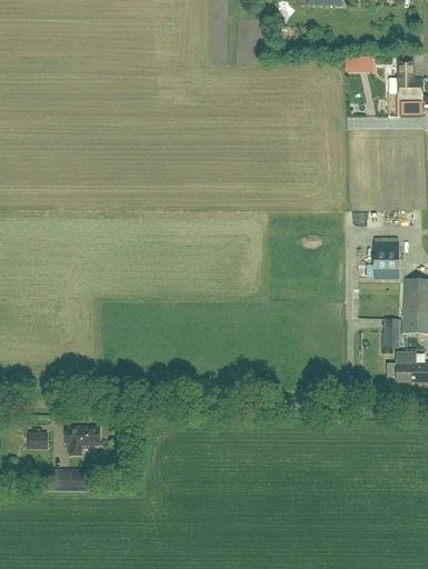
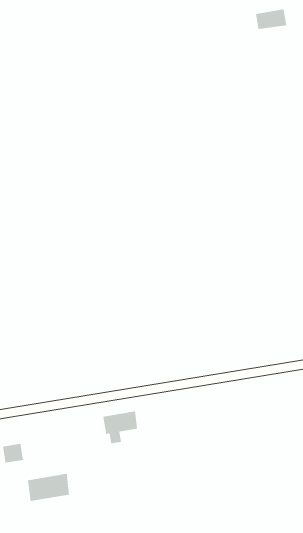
building: [70,427,103,455] -> [103,411,138,444]

